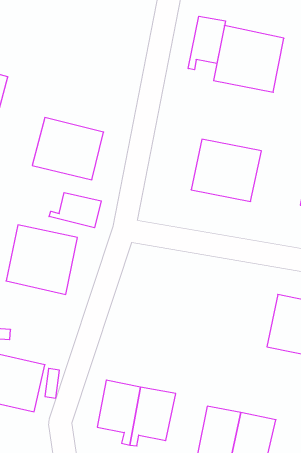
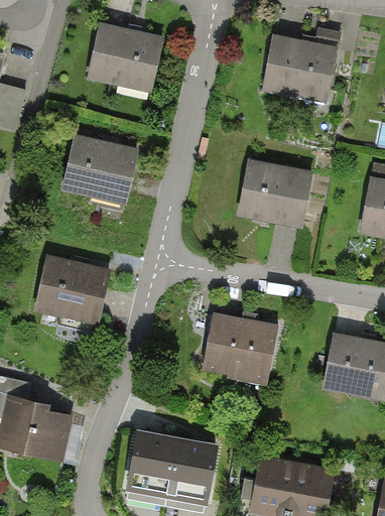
building: [188,16,225,70] -> none
building: none -> [85,21,165,97]
building: [49,193,101,228] -> none
building: none -> [199,309,277,386]

